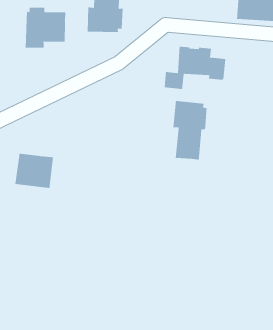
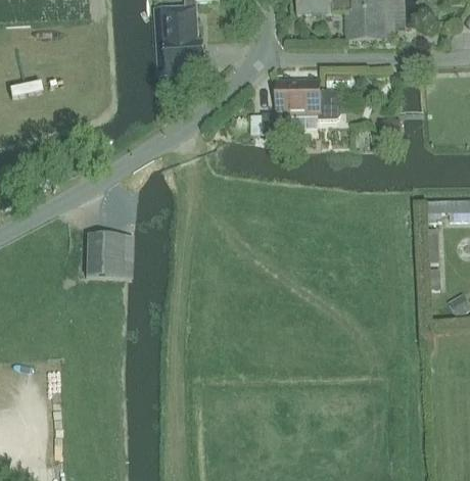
building: [25,7,66,49] -> none
building: [173,100,207,161] -> none

